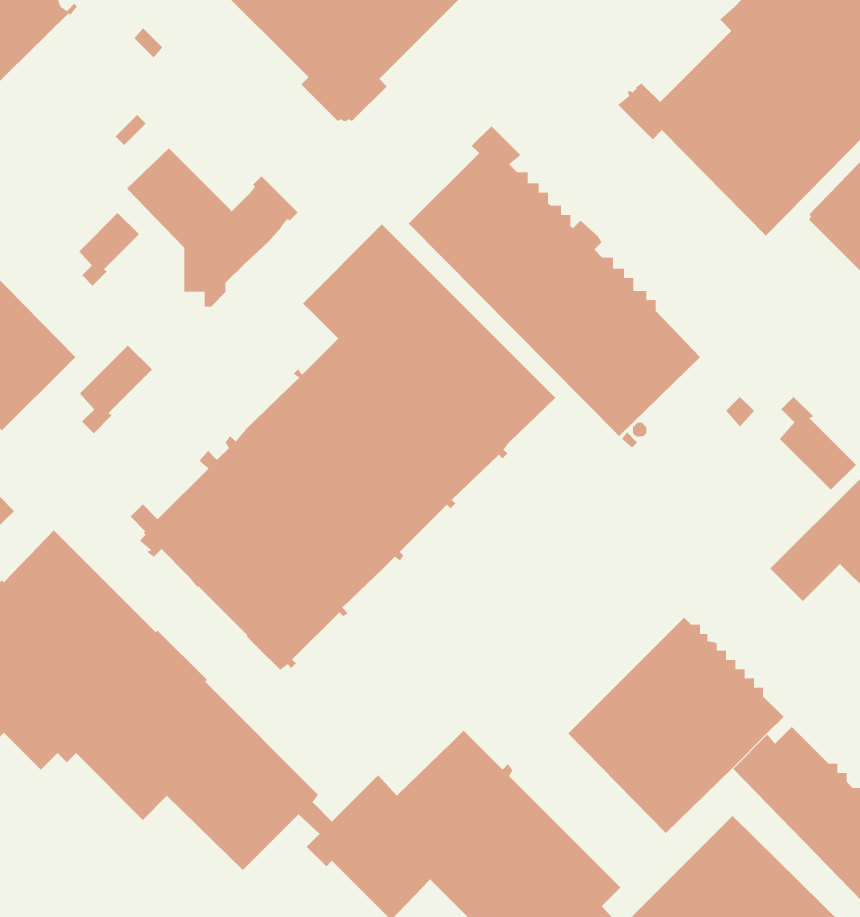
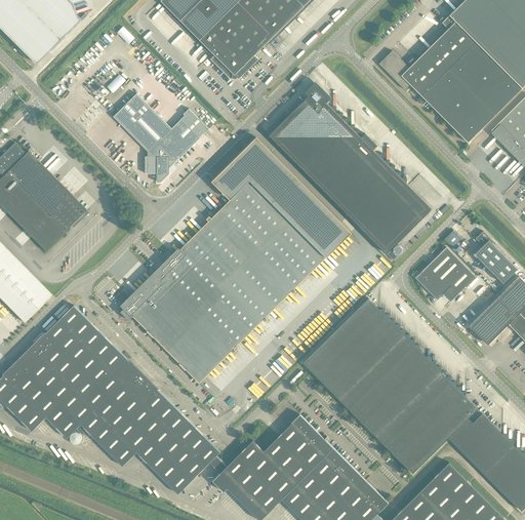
building: [78,212,140,286] -> none
building: [79,345,153,434] -> none
building: none -> [414,247,475,299]
building: none -> [302,297,421,417]

